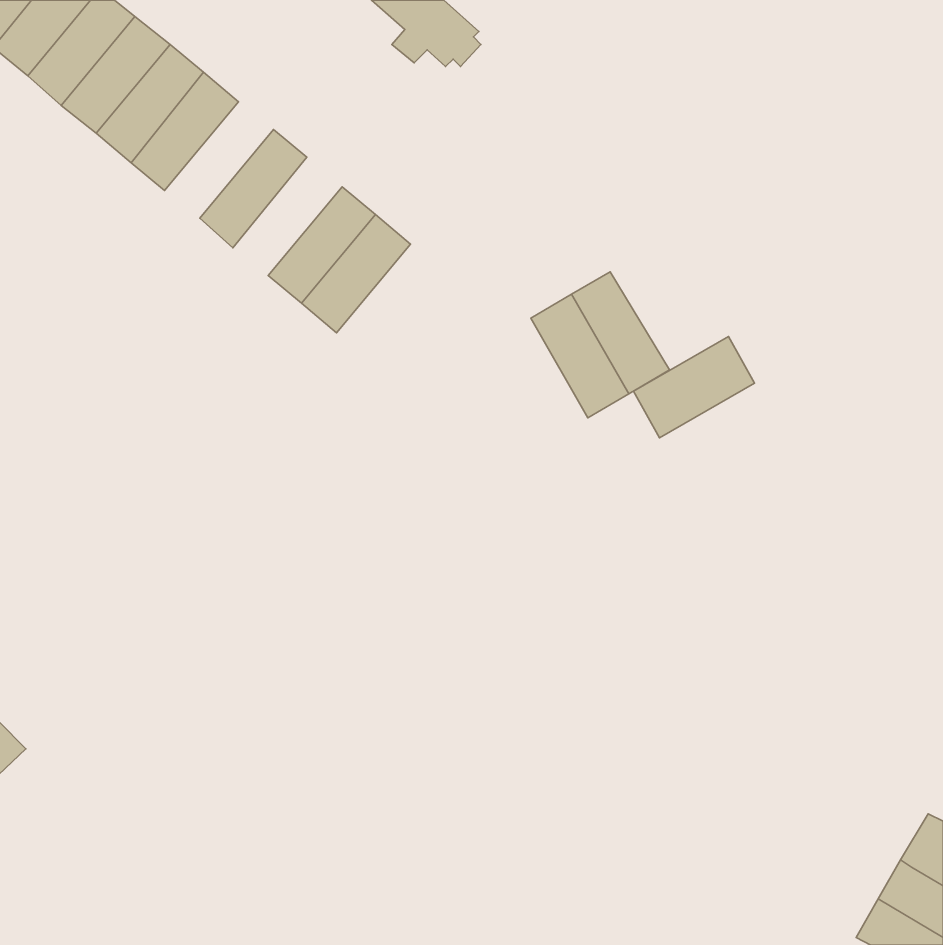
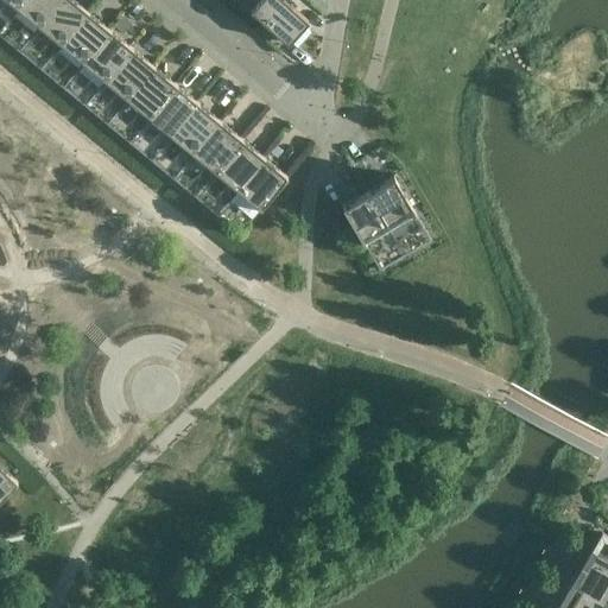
building: none -> [106,65,176,140]
building: none -> [150,101,220,177]
building: none -> [216,157,286,232]
building: [633,337,755,438] -> none

